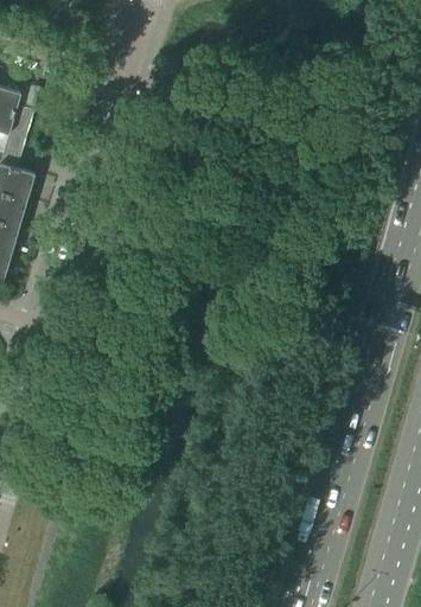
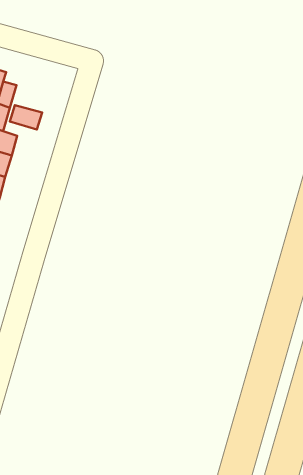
building: none -> [10,105,42,129]

